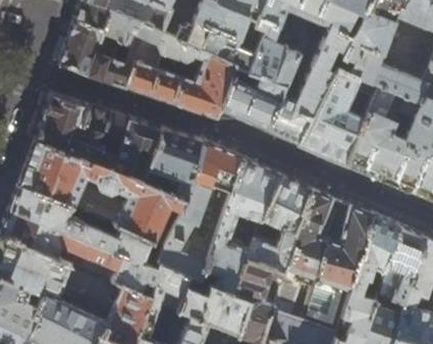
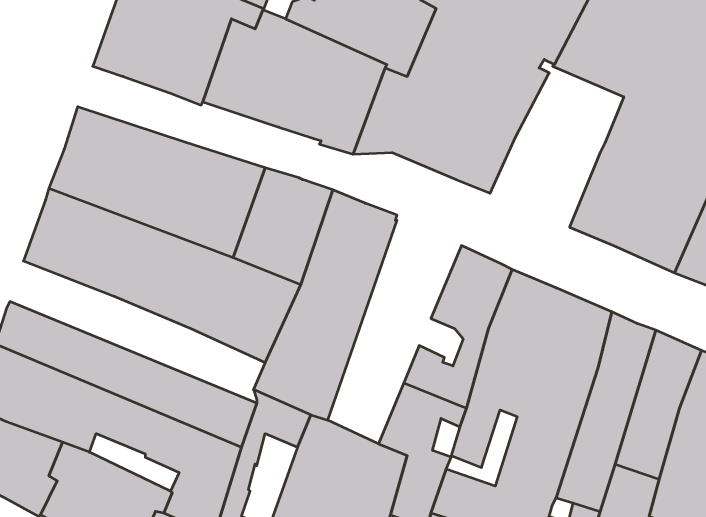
building: [299,66,379,163] -> none
building: [201,159,281,294] -> none
building: [9,184,163,269] -> none

